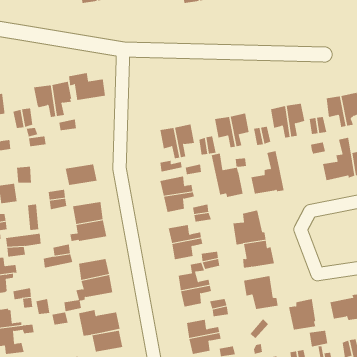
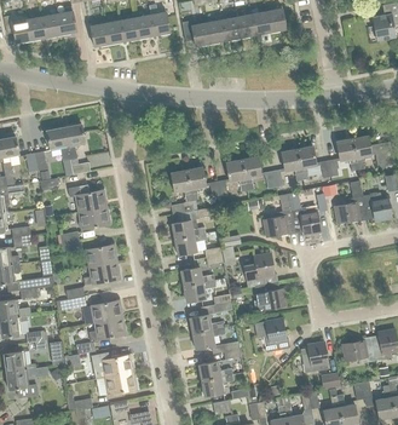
building: [68,73,106,101] -> [69,183,106,211]
building: [211,153,244,198] -> [288,190,321,235]

